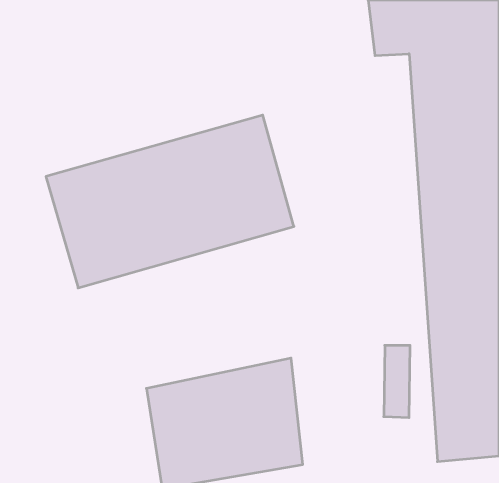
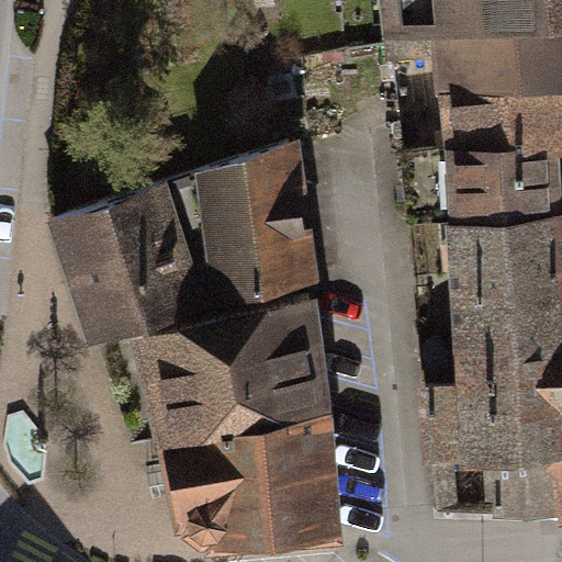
building: none -> [142,312,327,454]

